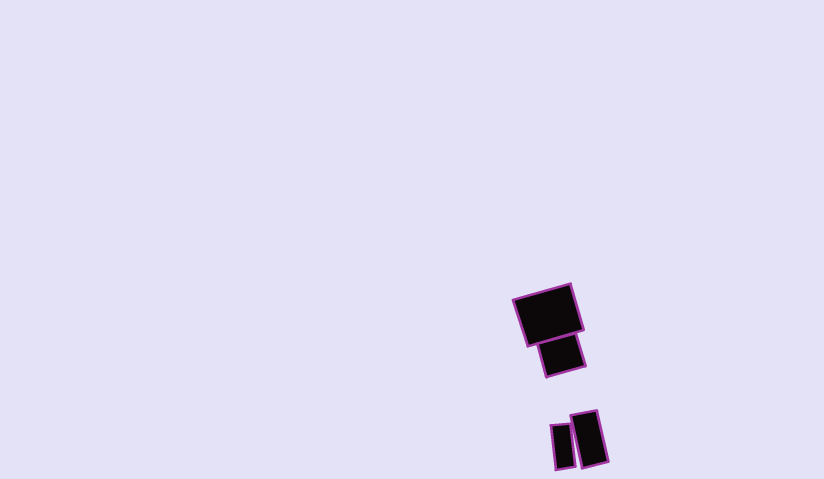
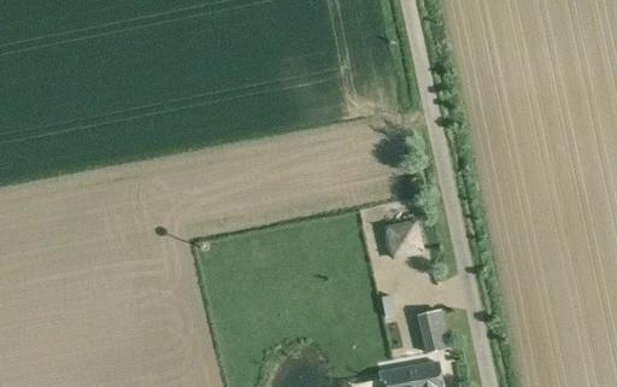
building: [537,333,585,377] -> none

